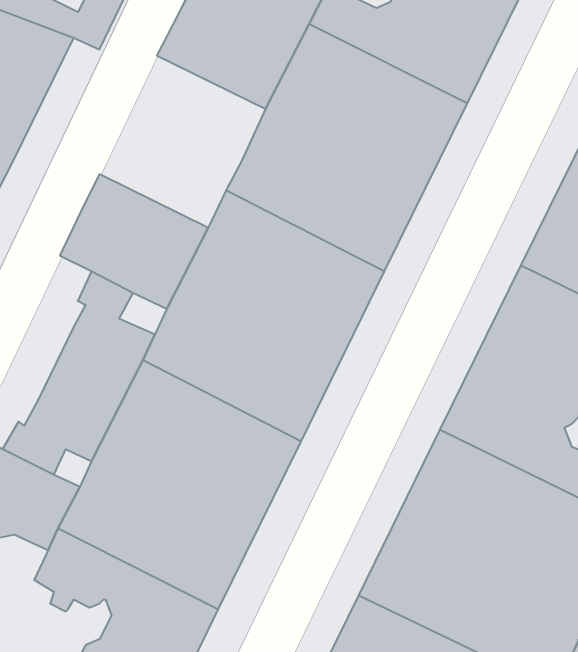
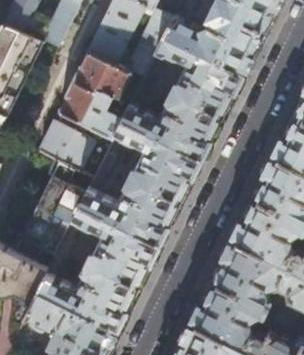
building: none -> [58,50,142,137]

